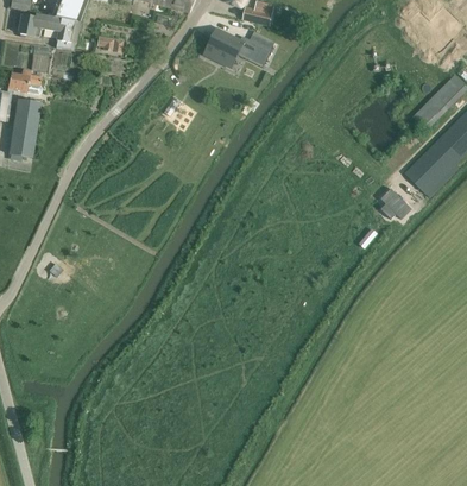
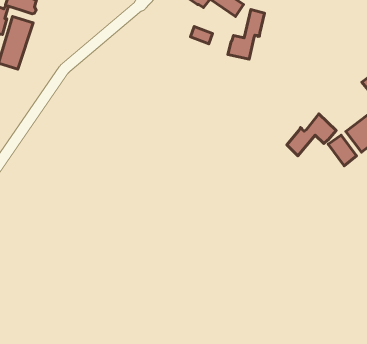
building: none -> [228,10,265,59]
building: none -> [287,114,336,156]

